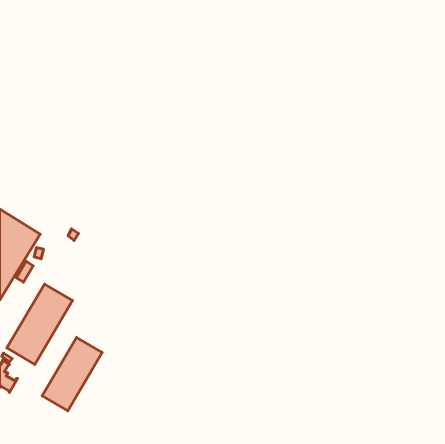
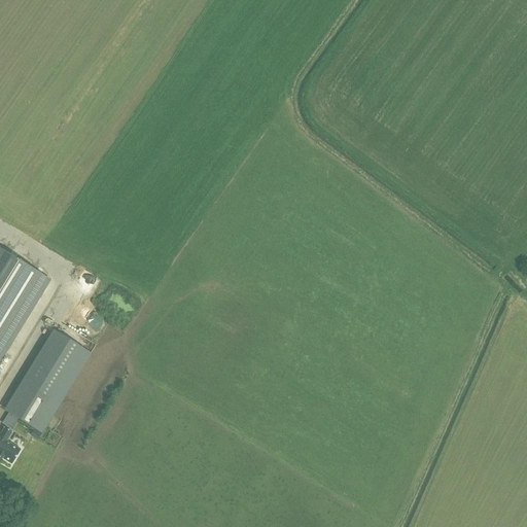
building: [42,338,102,411] -> none

